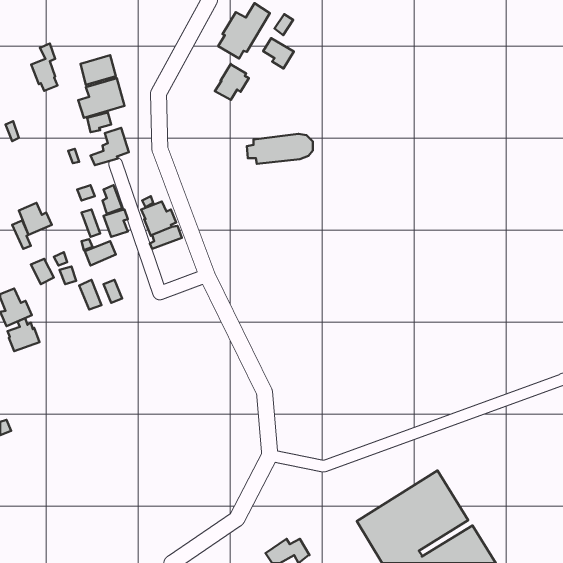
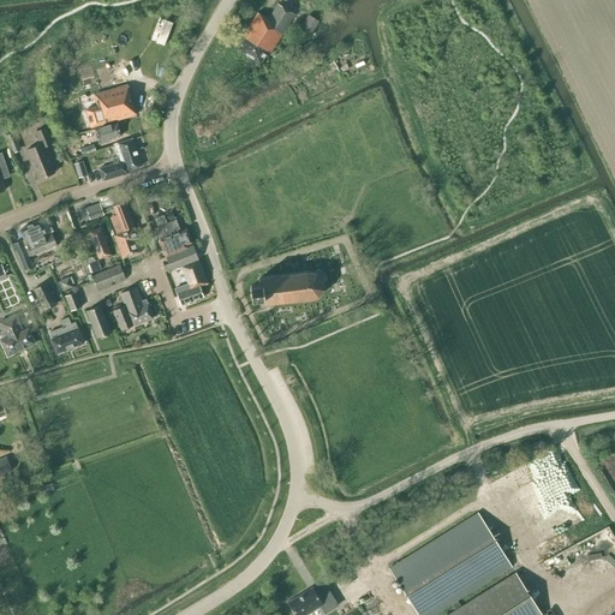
building: [263,38,294,69] -> none
building: [31,44,57,91] -> [25,127,54,179]
building: [215,64,249,100] -> none
building: [247,134,313,164] -> [251,273,323,305]
building: none -> [177,261,207,305]
building: none -> [120,287,153,326]
building: [8,318,40,351] -> [49,317,84,353]

